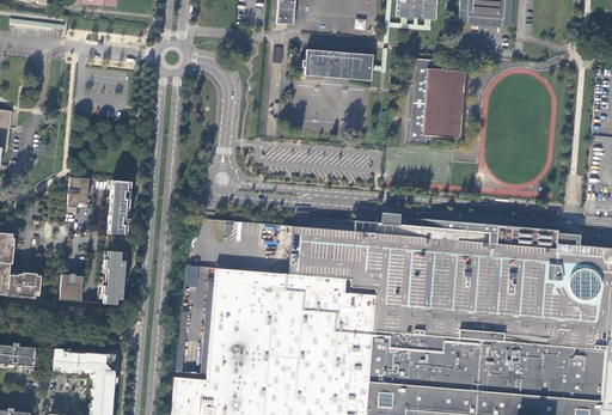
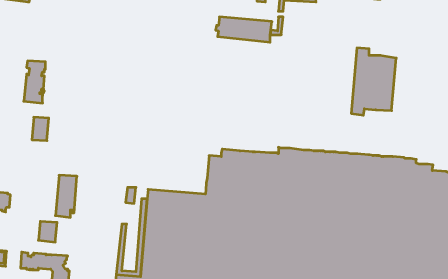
building: [411,59,469,145] -> [351,48,396,115]
building: [104,181,131,234] -> [24,61,45,103]
building: [60,275,84,301] -> [38,221,57,242]

